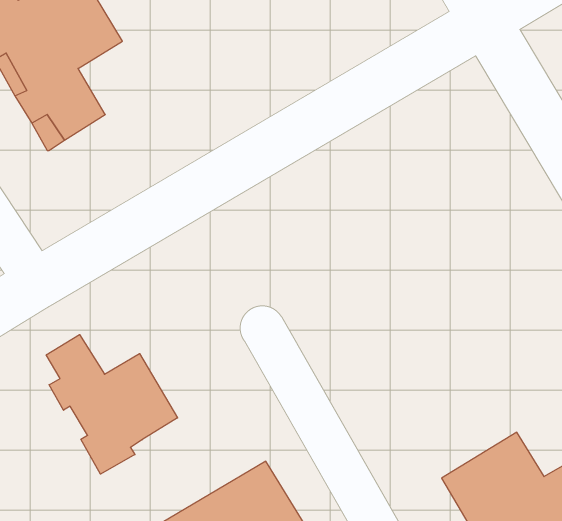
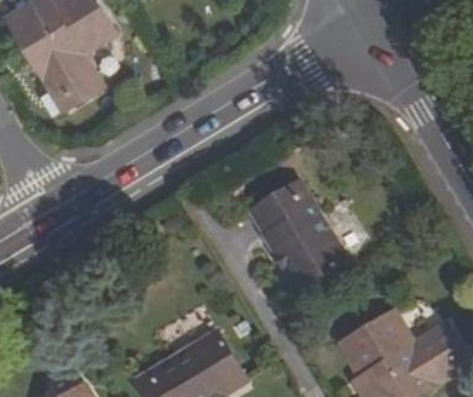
building: none -> [249,180,346,289]
building: [46,335,178,474] -> none

